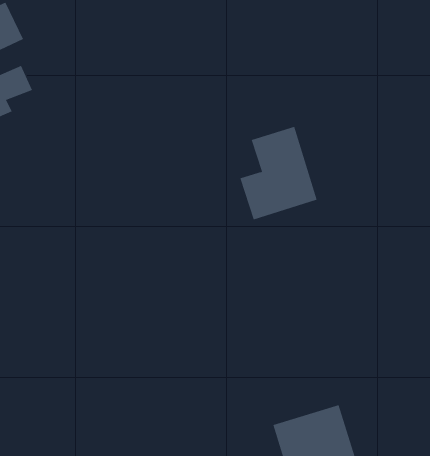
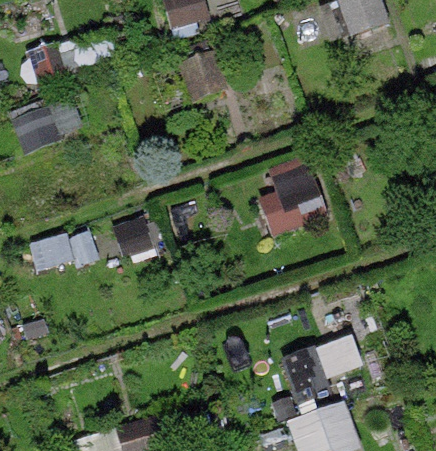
building: none -> [283,336,361,403]

